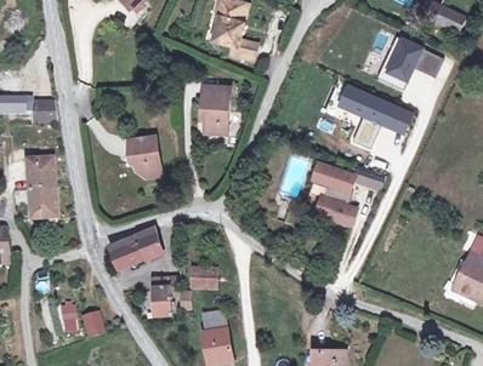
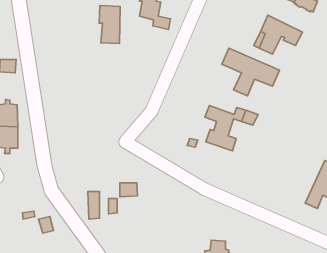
building: [198,81,227,133] -> [99,6,120,44]
building: [130,137,159,177] -> none
building: [108,231,155,263] -> none
building: [203,327,232,358] -> none

